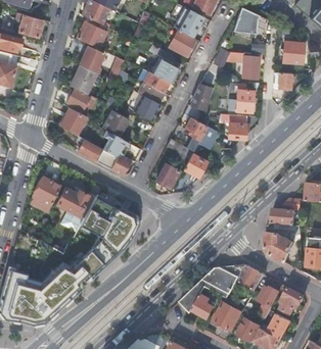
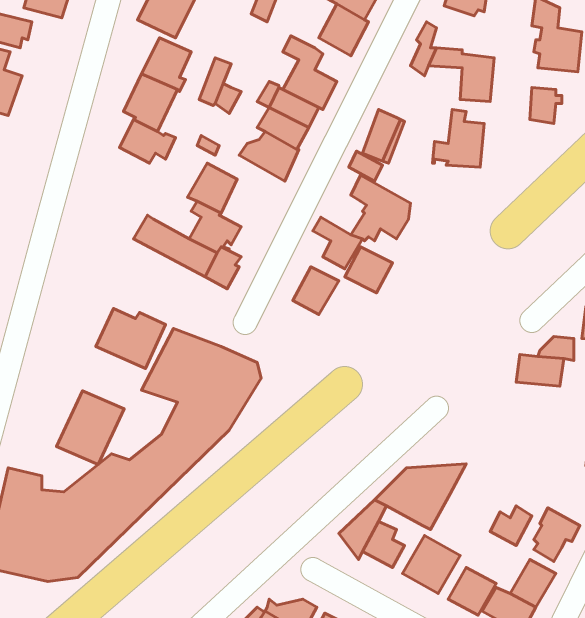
building: [57,107,95,140] -> none
building: [219,114,247,140] -> none
building: [28,176,62,213] -> [56,391,124,465]
building: [265,233,293,263] -> none
building: [237,265,264,291] -> none

